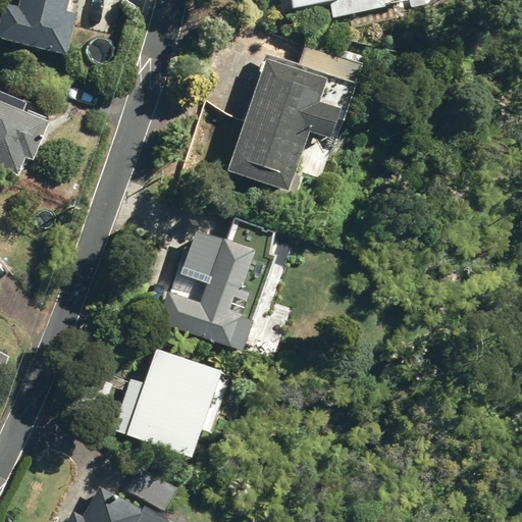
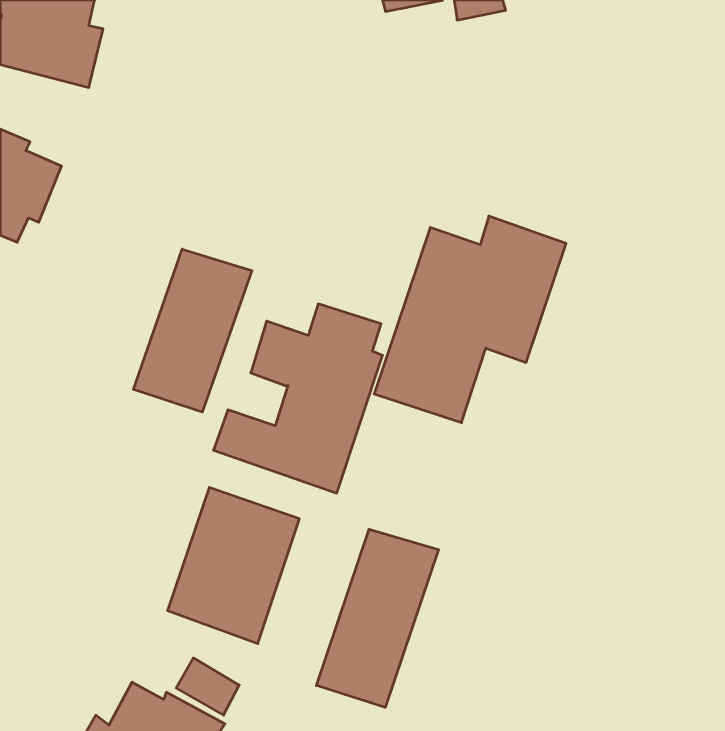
building: [224,44,361,191] -> [374,216,566,423]
building: none -> [133,249,252,412]
building: none -> [316,529,439,707]

